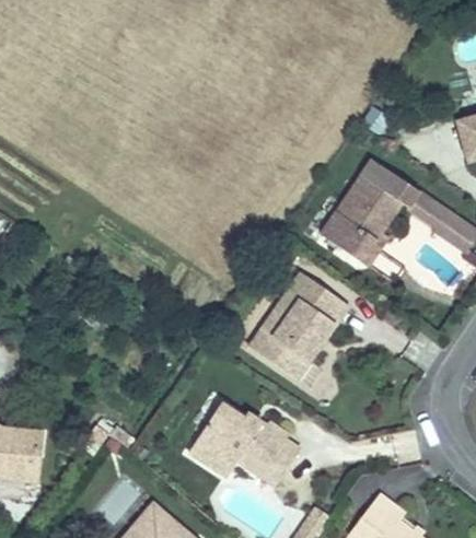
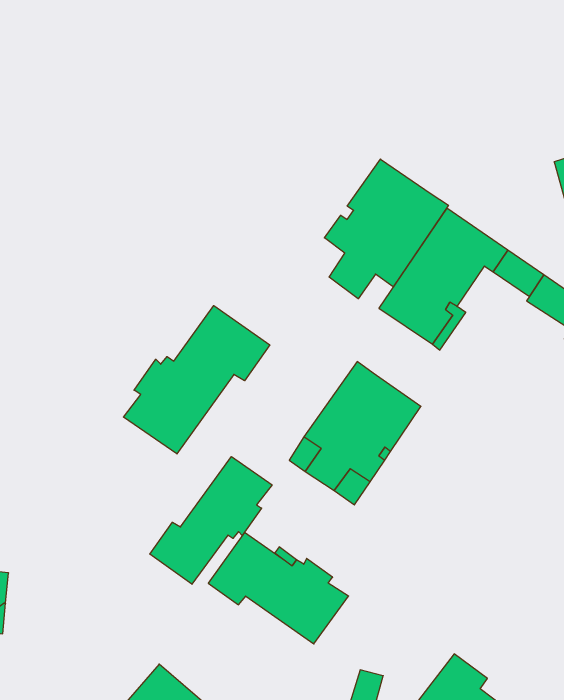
building: none -> [324,159,448,299]
building: none -> [123,306,270,454]
building: none -> [150,457,272,584]

